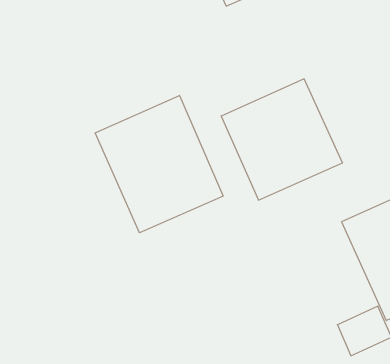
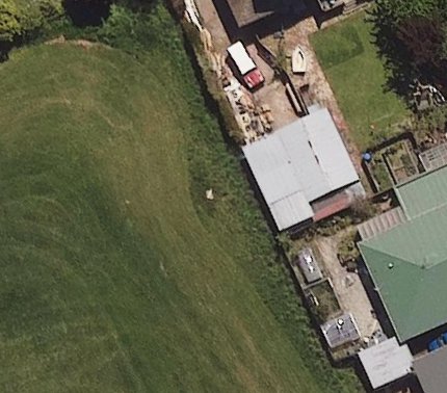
building: [95,95,223,233] -> none

